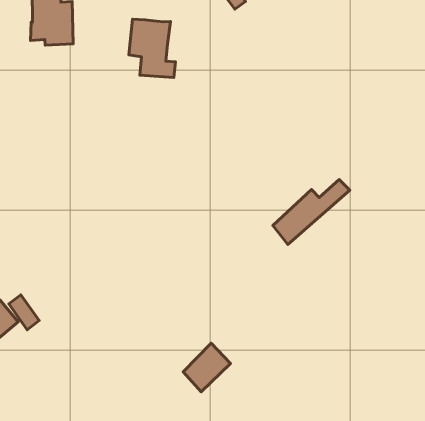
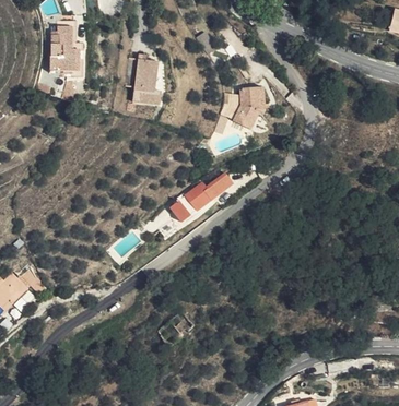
building: none -> [230,88,262,131]
building: [273,180,350,244] -> [168,179,230,227]

